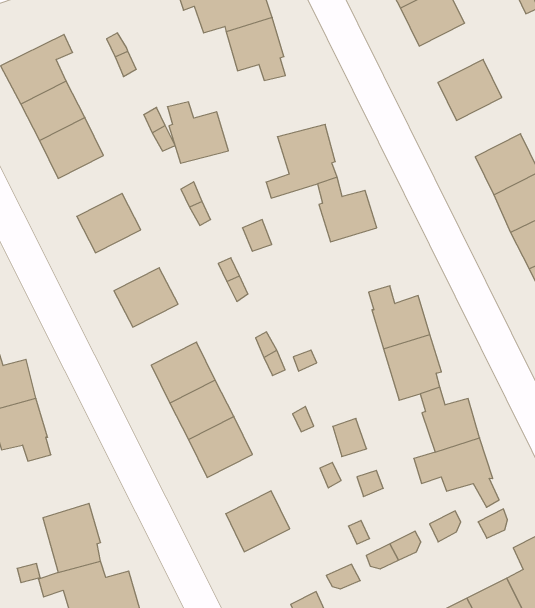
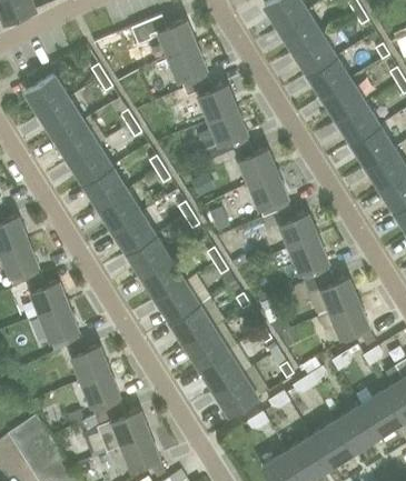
building: none -> [293,34,335,74]
building: none -> [321,80,364,120]
building: [167,102,228,163] -> [195,80,237,120]
building: none -> [68,143,110,184]
building: none -> [248,172,289,218]
building: none -> [97,189,139,230]
building: none -> [126,234,168,275]
building: none -> [184,327,226,367]
building: none -> [67,340,109,381]
building: none -> [212,372,256,413]

